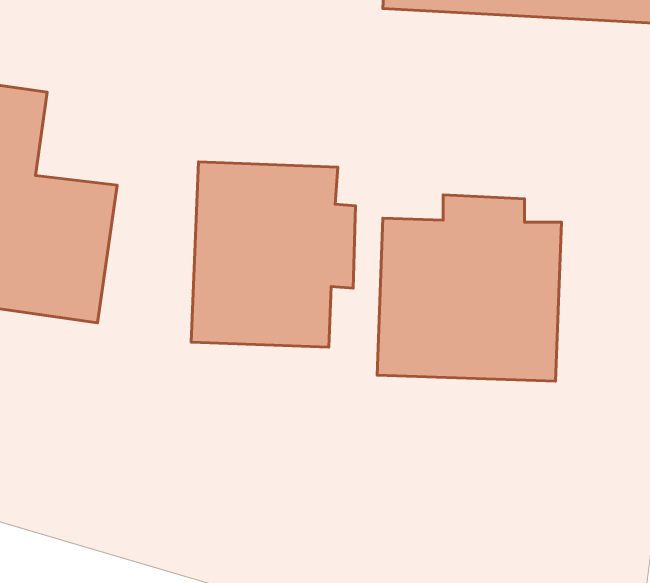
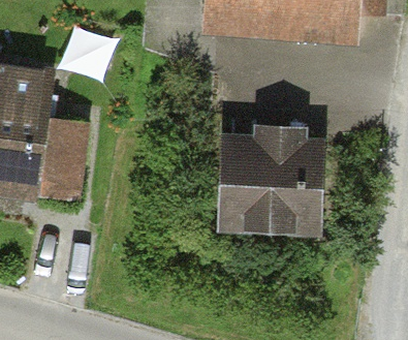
building: [191,162,355,347] -> none

